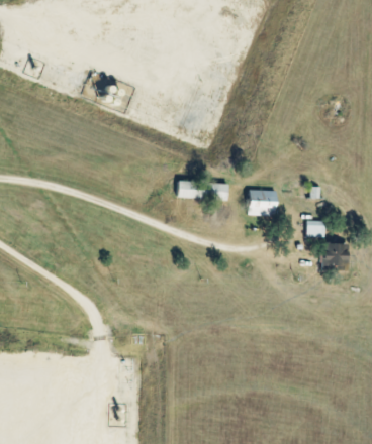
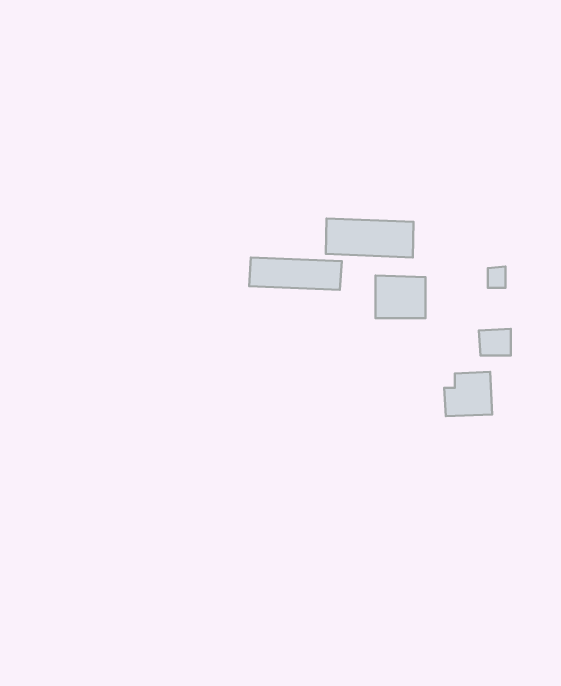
building: none -> [326,218,414,257]
building: [320,242,348,267] -> [444,372,492,416]

